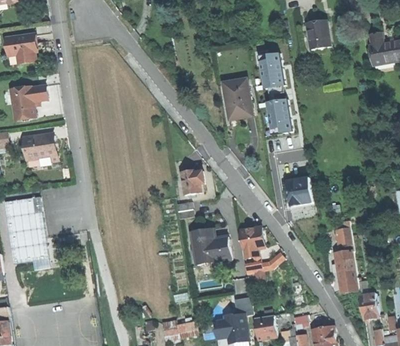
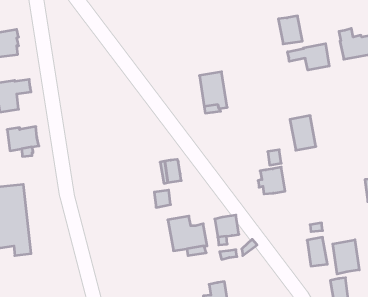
building: none -> [288,44,329,70]
building: [257,52,284,88] -> none
building: [264,98,291,134] -> [290,116,316,150]
building: none -> [333,240,359,274]

